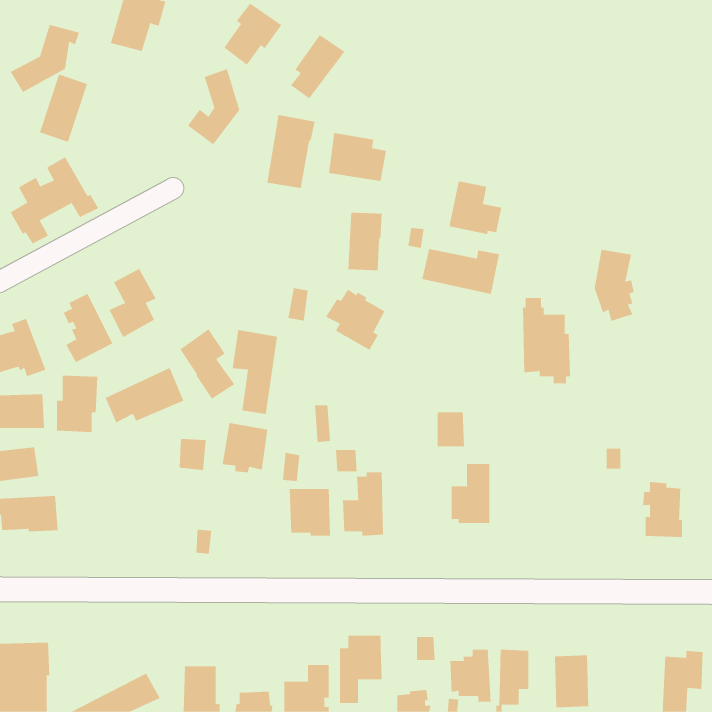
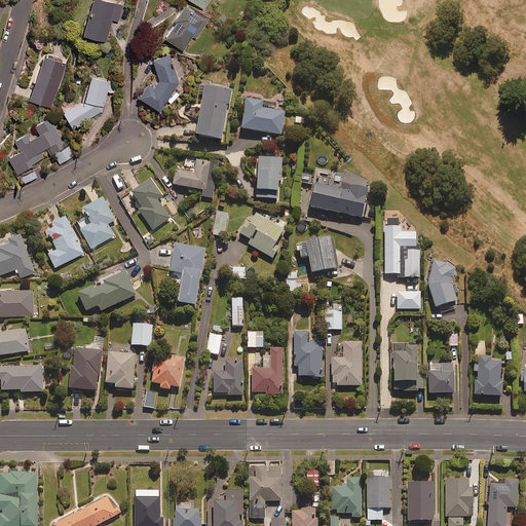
building: [10,24,80,93] -> [62,75,113,125]
building: [290,34,345,99] -> none
building: [449,180,502,235] -> none
building: none -> [173,159,218,197]
building: [594,249,634,322] -> [428,260,458,313]
building: none -> [295,235,341,280]
building: [179,328,235,400] -> [128,177,170,229]
building: [56,375,98,432] -> [70,347,101,389]
building: none -> [397,291,420,309]
building: [222,423,268,473] -> [150,352,184,389]
building: none -> [294,331,322,378]
building: none -> [394,344,424,391]
building: none -> [106,352,135,388]
building: none -> [428,363,455,392]
building: none -> [445,479,473,517]

